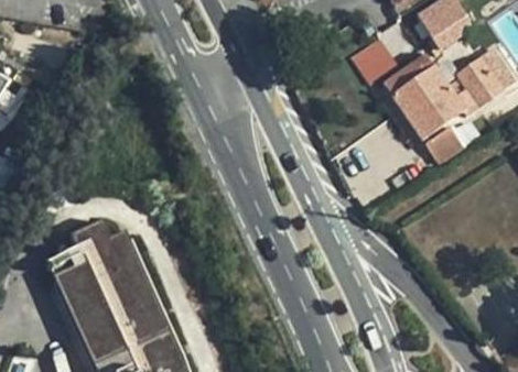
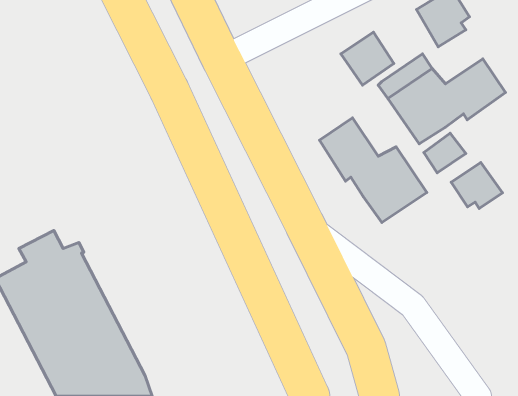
building: none -> [319,118,427,223]
building: none -> [451,163,503,209]

